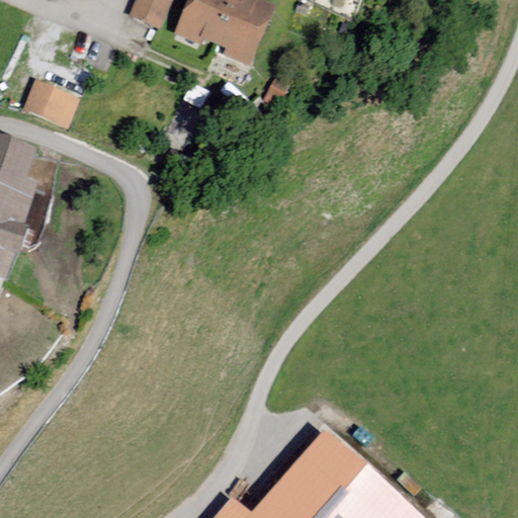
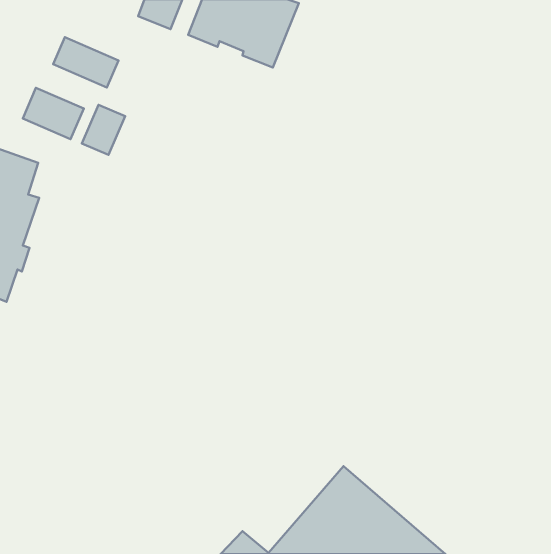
building: none -> [53,37,118,87]
building: none -> [82,105,125,155]

